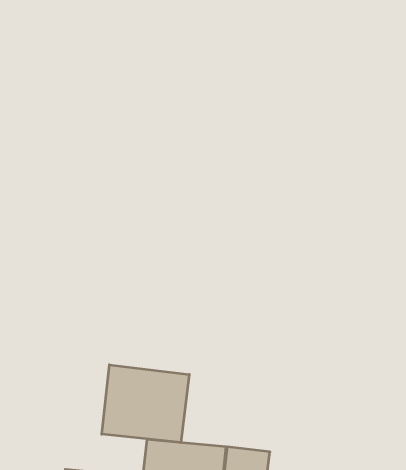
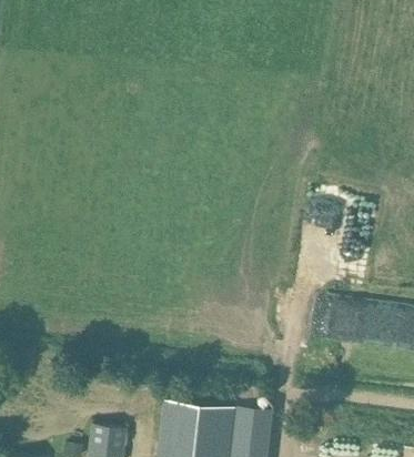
building: [102,365,189,443] -> none

